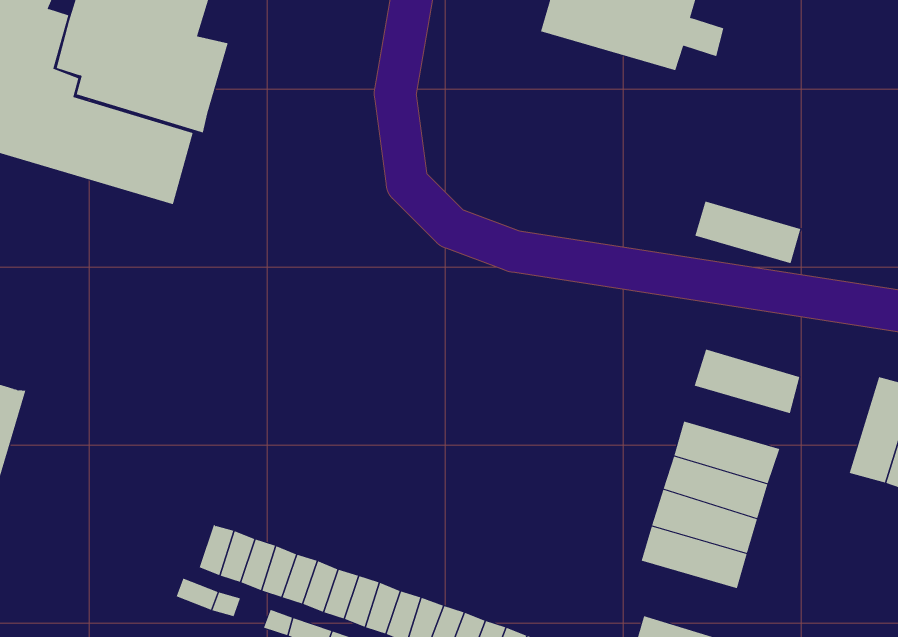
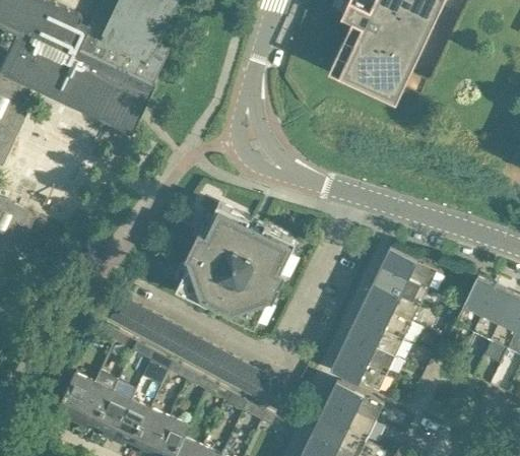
building: [695,201,801,264] -> [372,265,428,305]
building: none -> [175,203,296,328]
building: none -> [330,351,386,391]

